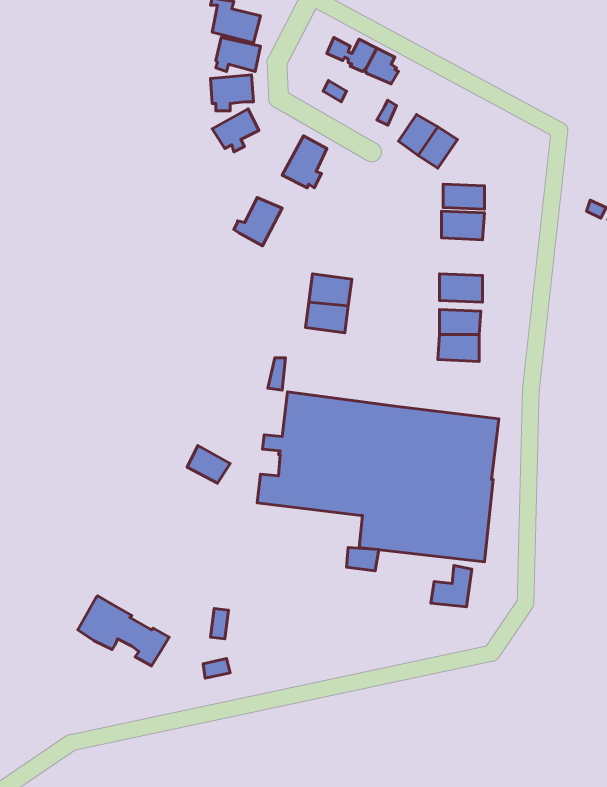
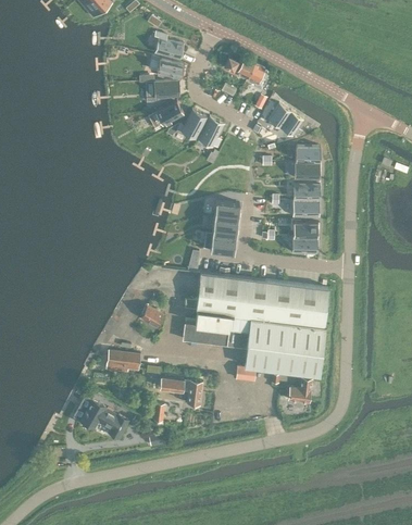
building: [234,197,282,246] -> [177,110,207,139]
building: none -> [292,184,320,201]
building: none -> [204,232,236,252]
building: none -> [105,350,140,372]
building: none -> [159,376,202,405]

